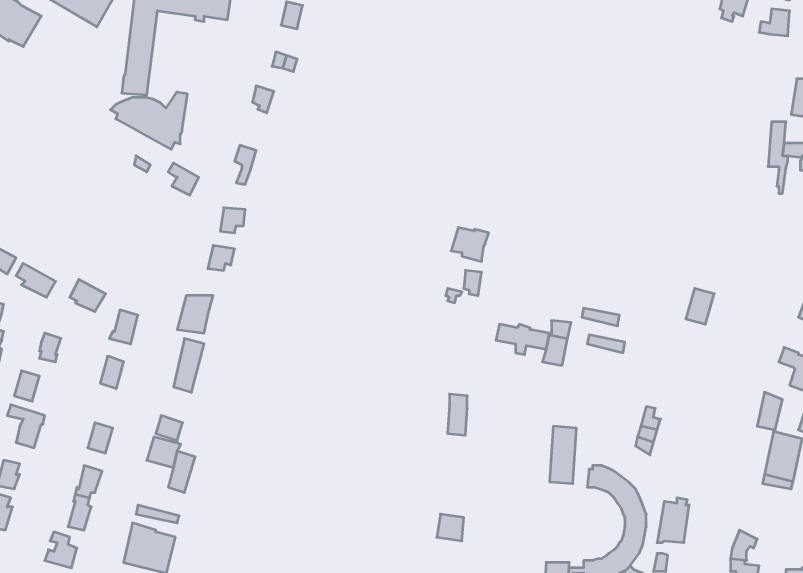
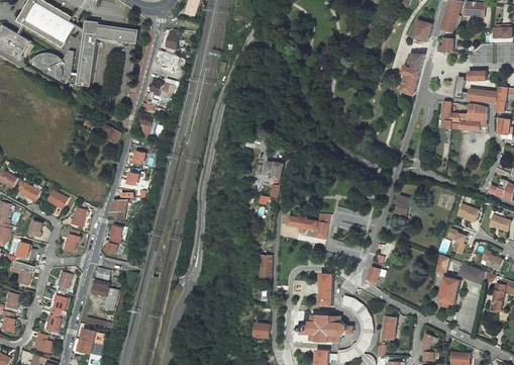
building: none -> [400,54,424,95]
building: [110,92,187,149] -> [31,51,75,83]
building: none -> [302,313,352,342]

